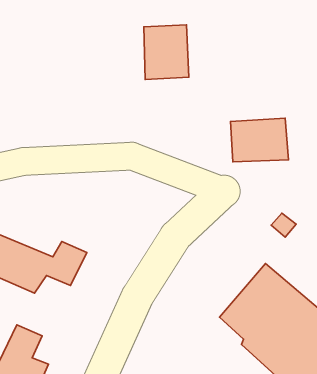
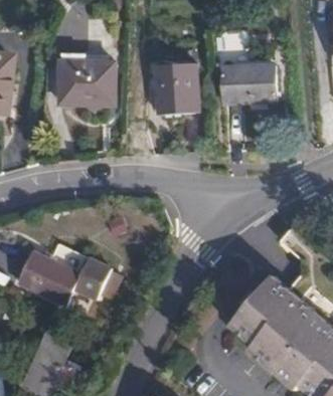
building: none -> [69,52,124,96]
building: [231,118,289,162] -> [225,57,279,97]

